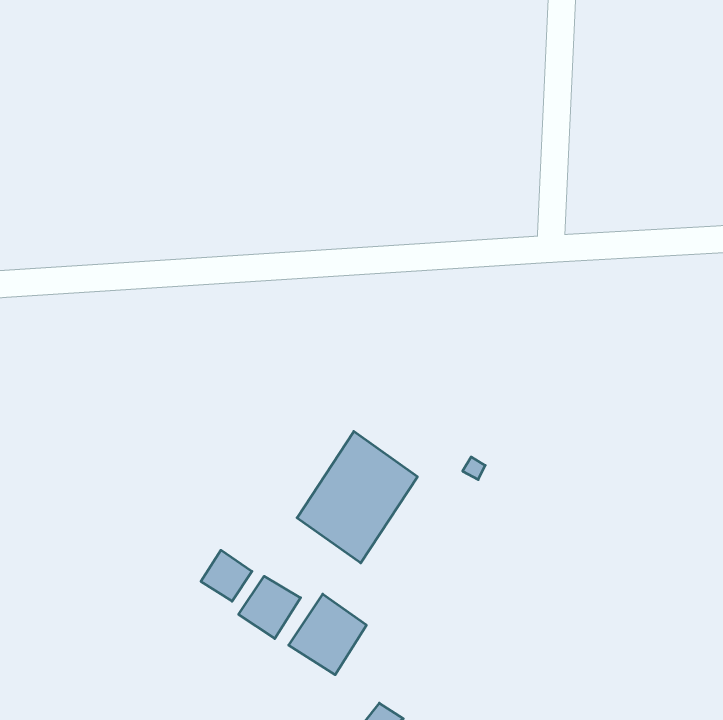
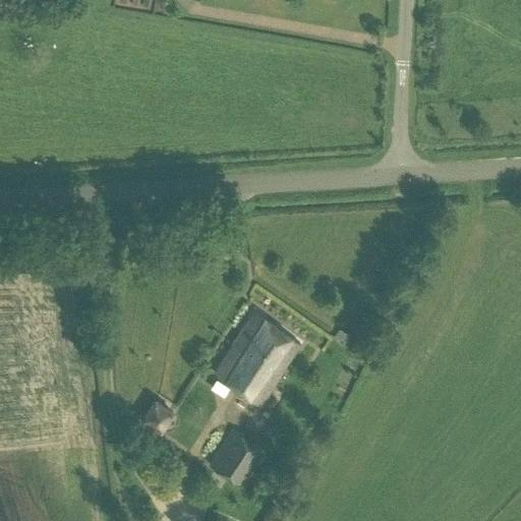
building: [239,576,301,639] -> none

